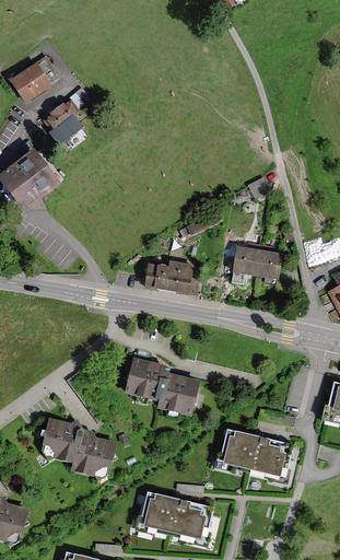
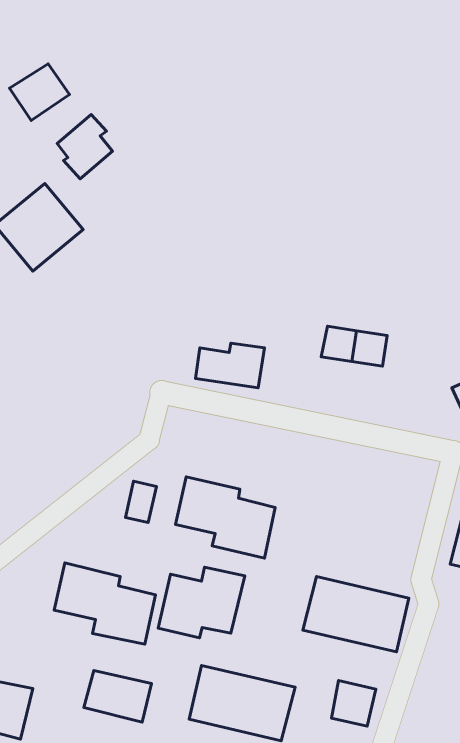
building: none -> [125,481,156,523]
building: none -> [158,567,245,638]
building: none -> [84,670,151,722]
building: none -> [332,680,376,726]

